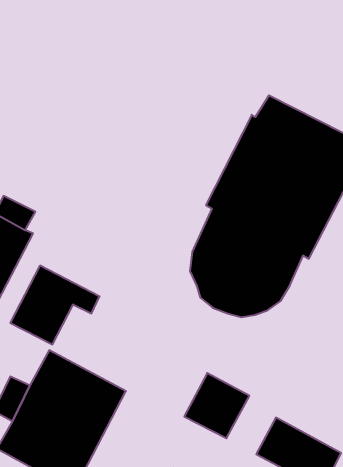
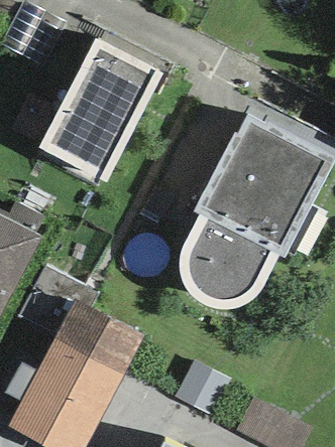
building: none -> [38,37,162,182]
building: none -> [54,299,143,376]

